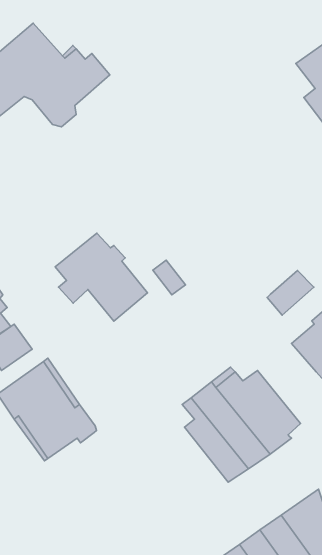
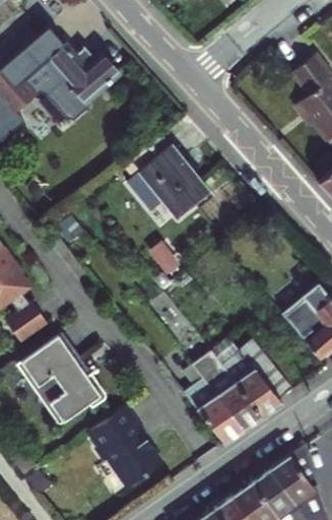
building: [55,233,148,321] -> [123,136,206,215]
building: [267,270,314,315] -> none
building: none -> [87,407,160,488]

